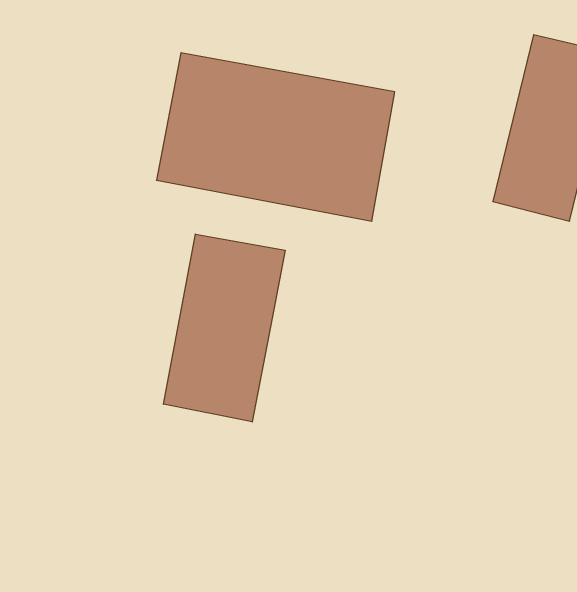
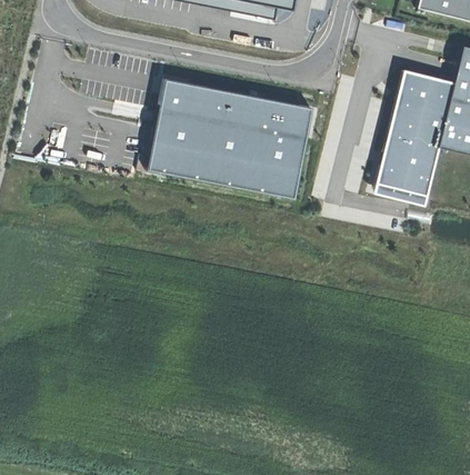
building: [163,234,285,422] -> none

